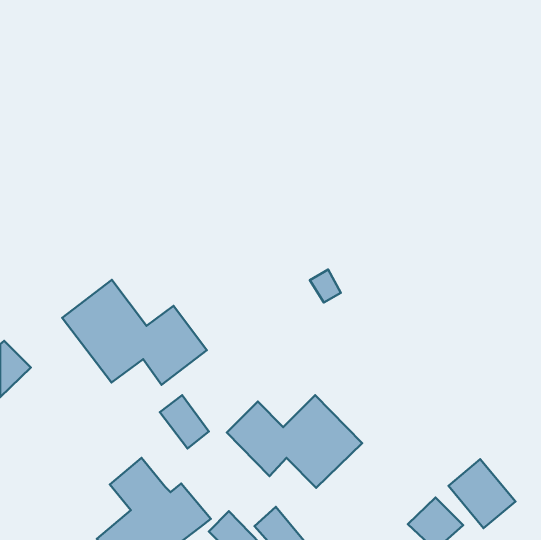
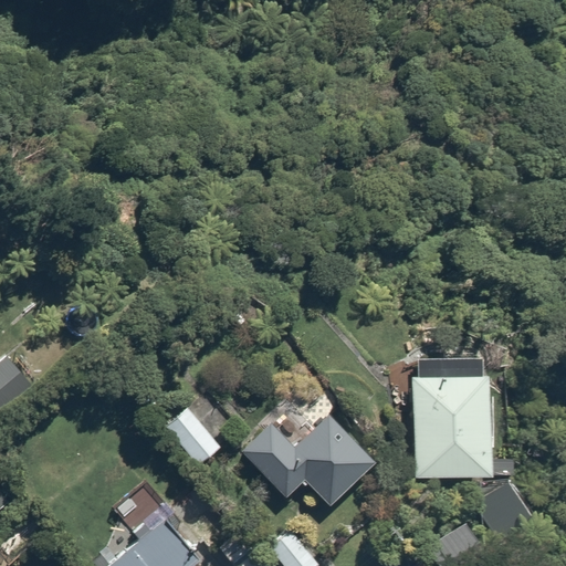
building: [62,280,207,385] -> none
building: none -> [410,356,502,480]

